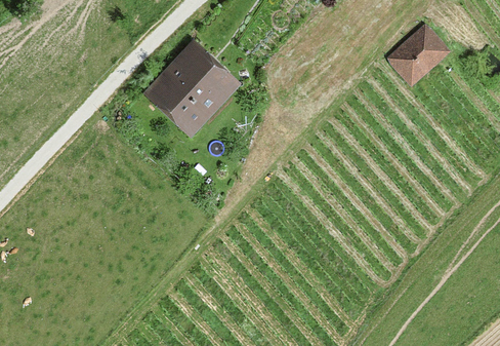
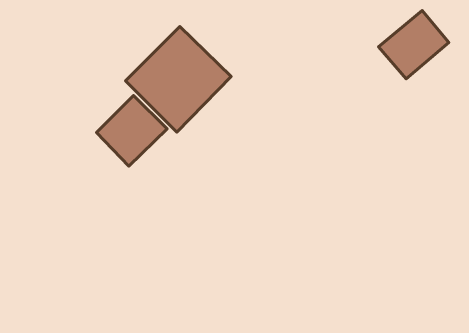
building: none -> [96,96,167,166]

